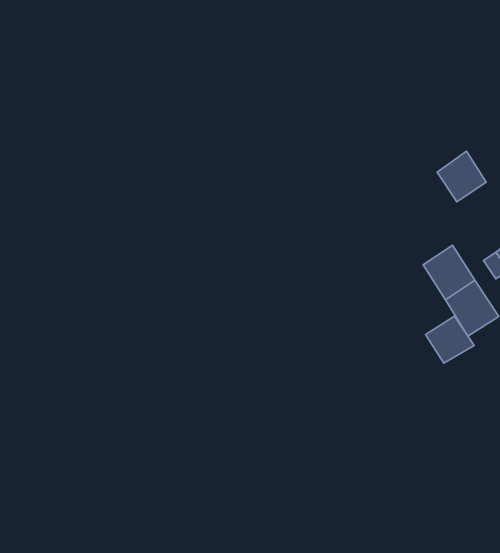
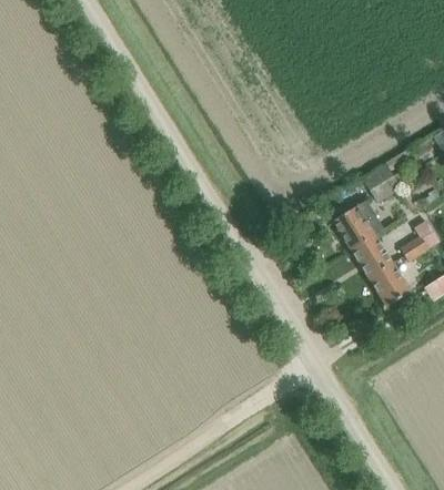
building: none -> [332,198,385,249]
building: [425,316,474,363] -> none

